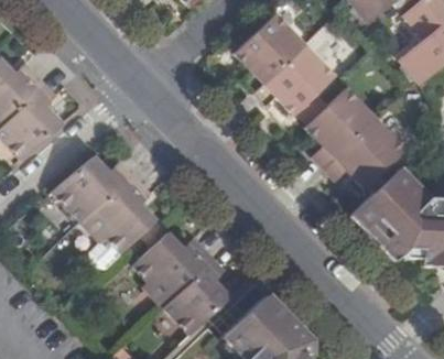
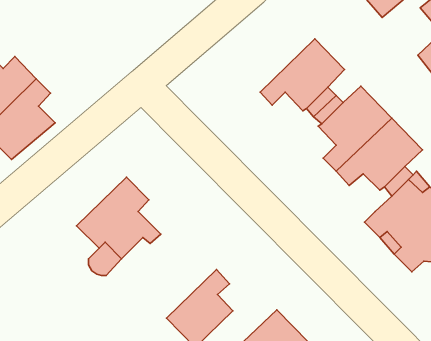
building: [234,15,303,95] -> none
building: [53,156,128,219] -> none
building: [137,227,212,305] -> none

